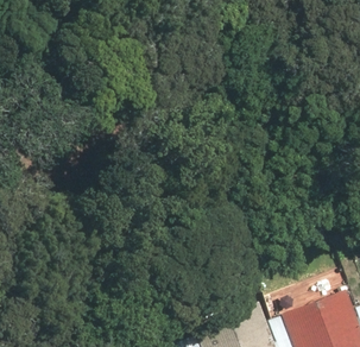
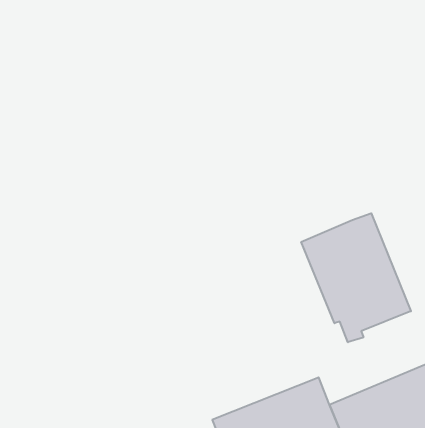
building: none -> [301,213,411,342]

